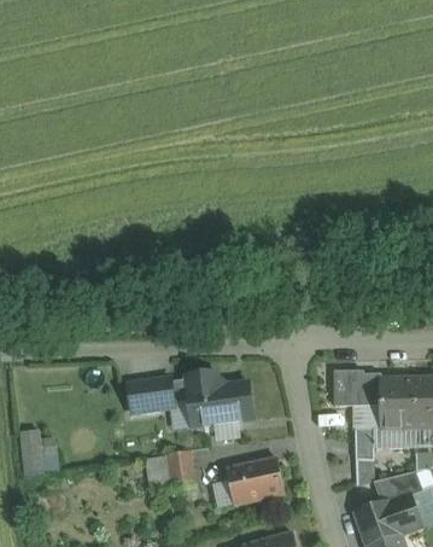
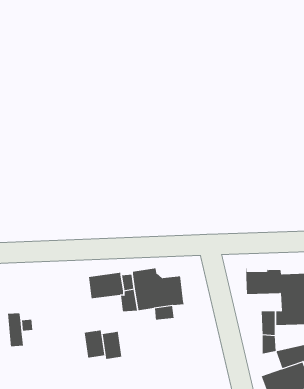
building: [166,450,194,488] -> [84,330,105,358]
building: [226,458,283,505] -> none

